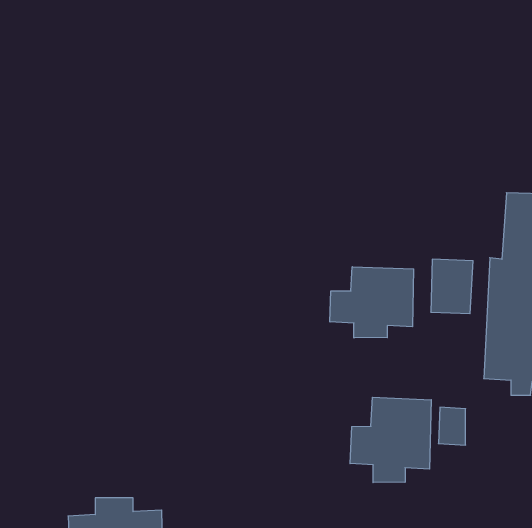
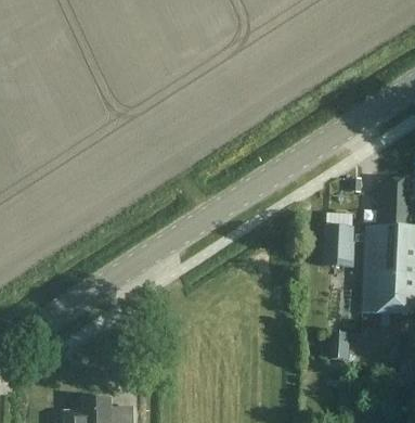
building: [330,267,414,338] -> none
building: [350,397,431,483] -> none

